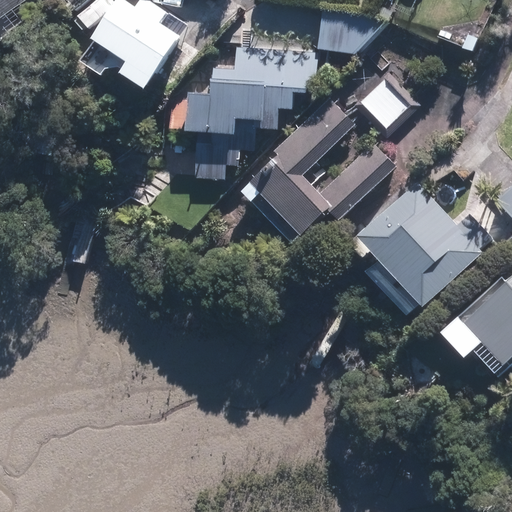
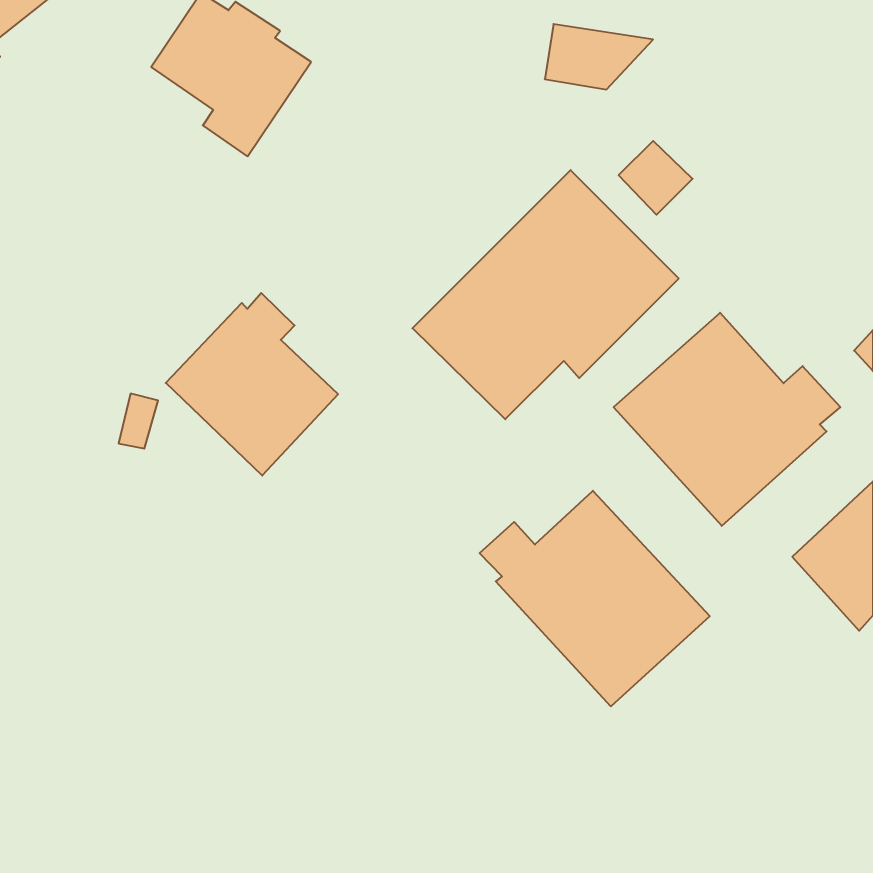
building: [183,50,308,178] -> none
building: none -> [166,293,338,476]
building: none -> [480,491,710,706]

